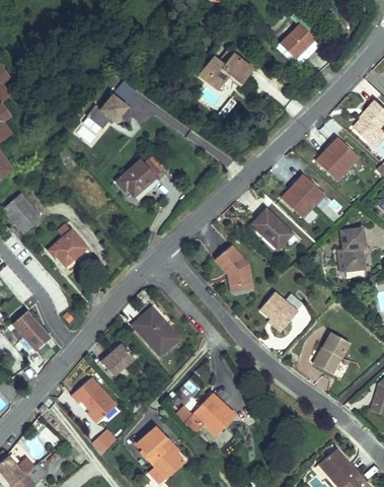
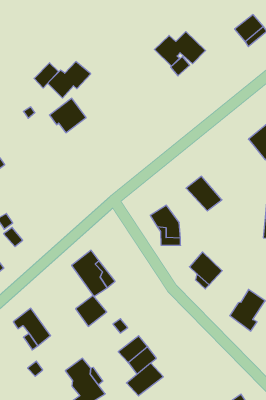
building: none -> [34,63,59,88]
building: [121,159,162,199] -> [49,98,86,133]
building: [280,177,323,220] -> none
building: [50,223,91,268] -> none
building: [95,341,131,376] -> [76,295,107,326]
building: none -> [126,363,163,396]

